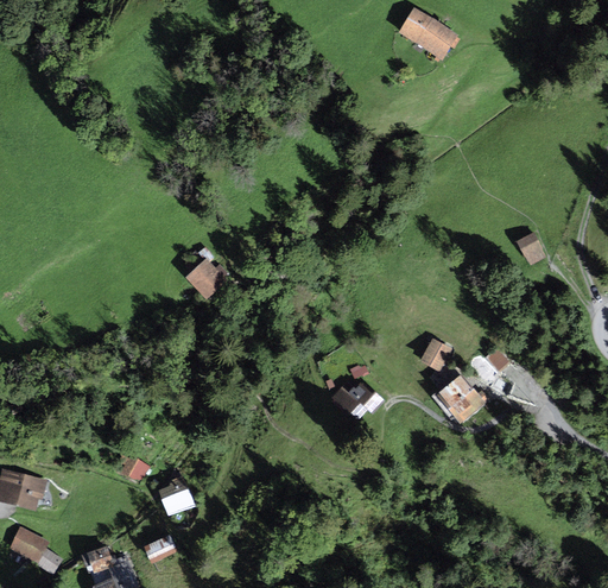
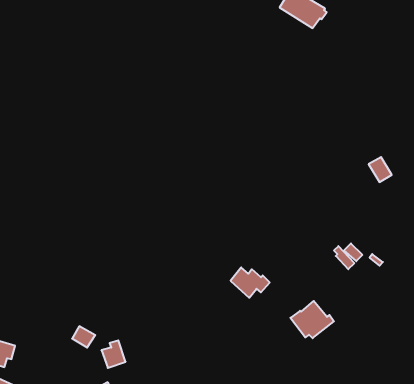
building: [185,258,228,299] -> none
building: [422,339,454,369] -> none
building: [430,372,488,422] -> [290,301,334,338]

